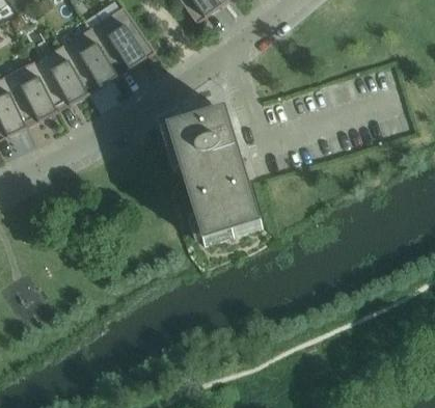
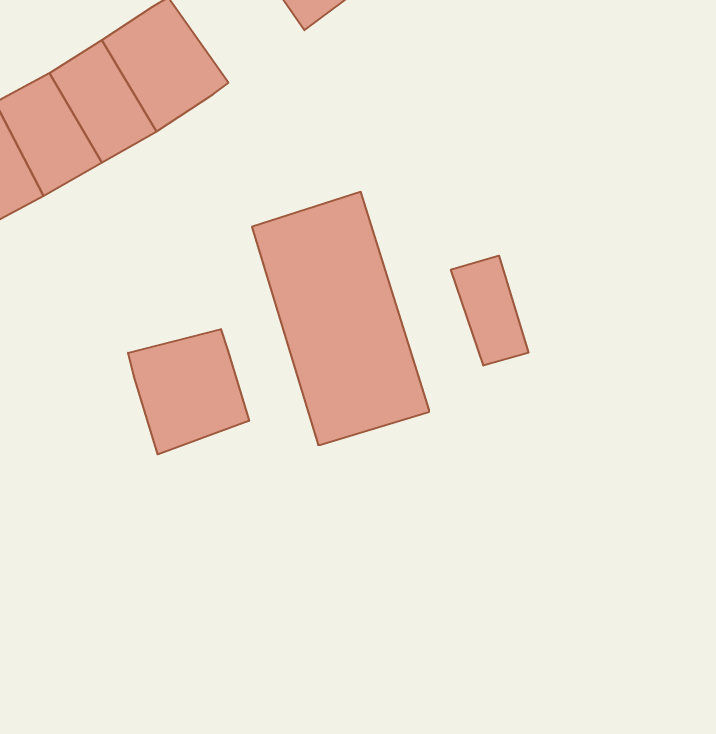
building: none -> [451,256,528,366]
building: none -> [128,329,249,454]

